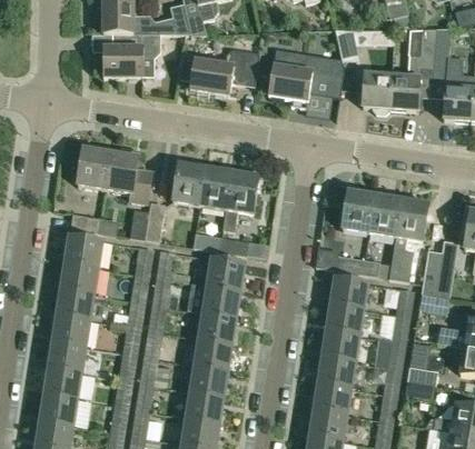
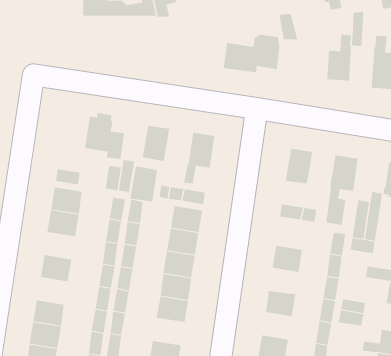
building: [102,33,160,77] -> none
building: [189,49,259,94] -> none
building: [362,71,393,114] -> none
building: [77,147,110,189] -> none
building: [199,166,232,208] -> [129,166,158,202]
building: [368,193,400,236] -> none
building: [330,277,367,309] -> none
building: [57,288,95,320] -> none
building: [321,330,358,361] -> none
building: [48,341,86,373] -> none
building: [314,382,350,415] -> none
building: [185,389,224,421] -> none

